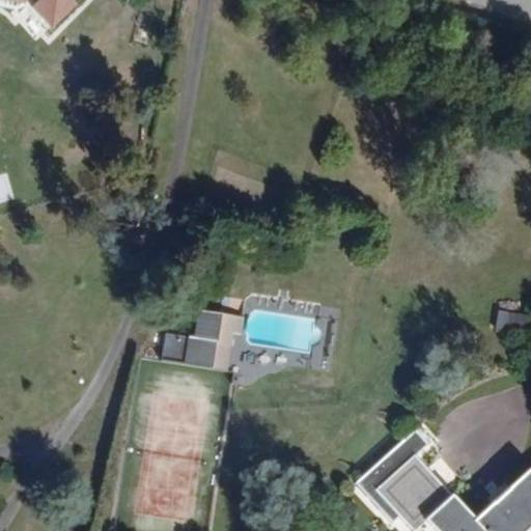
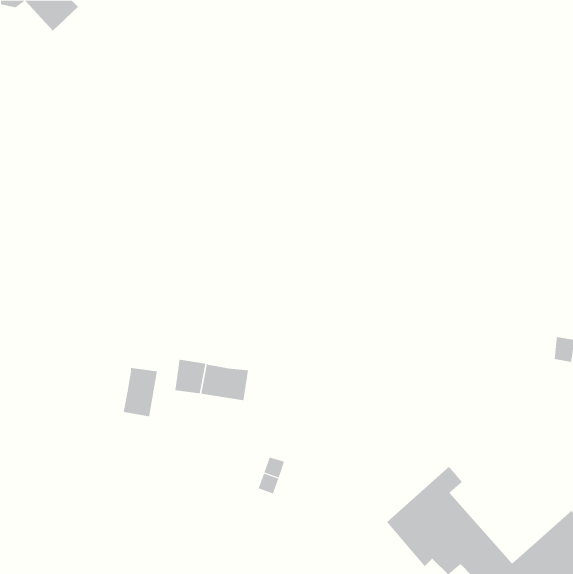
building: [195,307,245,340] -> none
building: none -> [123,367,157,417]

